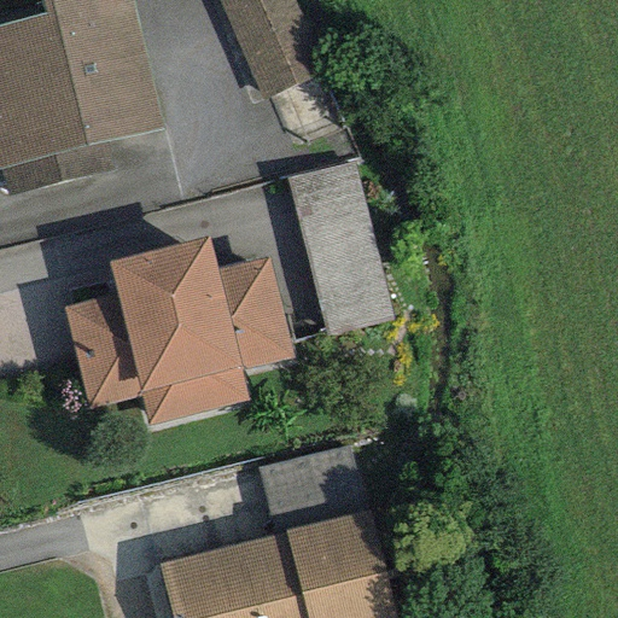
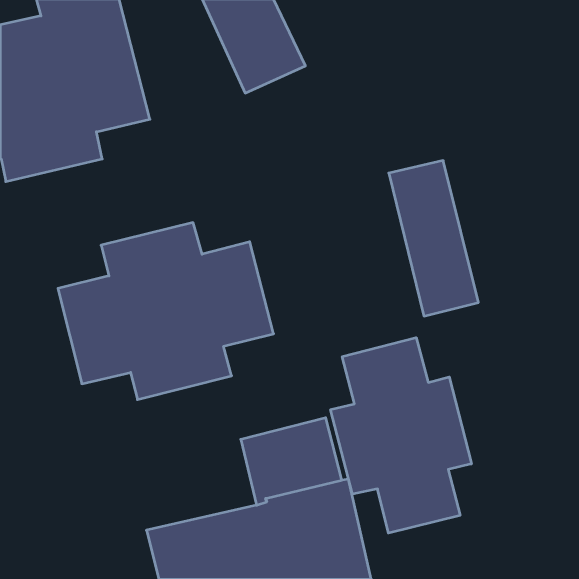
building: [301,186,396,351] -> [389,161,478,316]
building: none -> [331,338,471,533]

